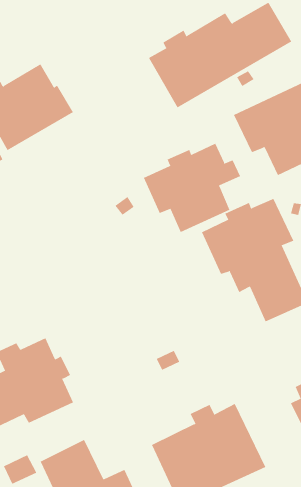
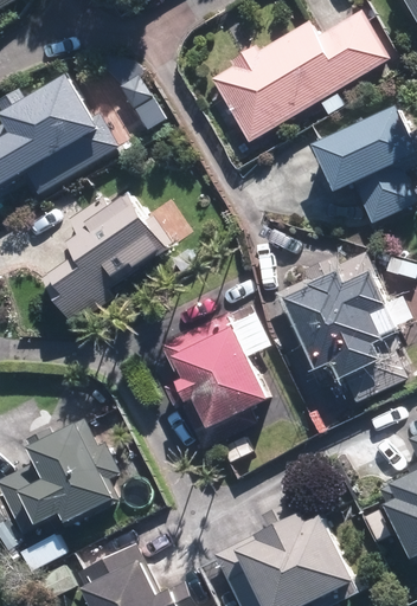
building: [143,143,241,233] -> none
building: none -> [43,191,168,323]
building: none -> [159,311,268,450]

